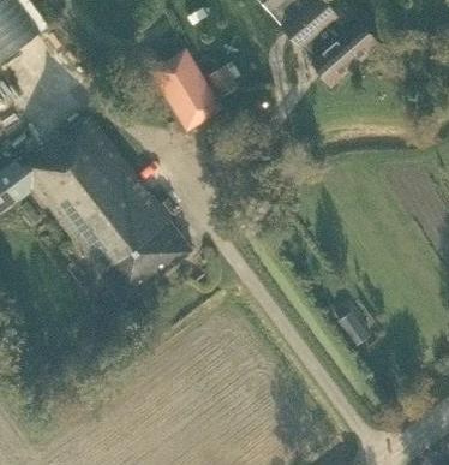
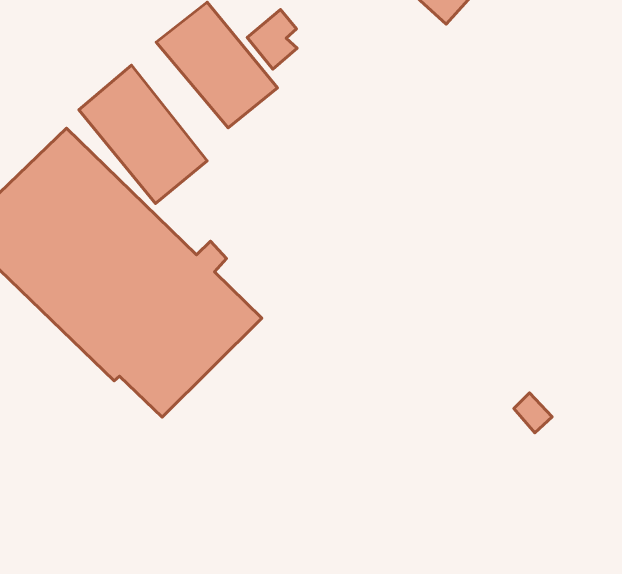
building: none -> [79,65,207,203]

